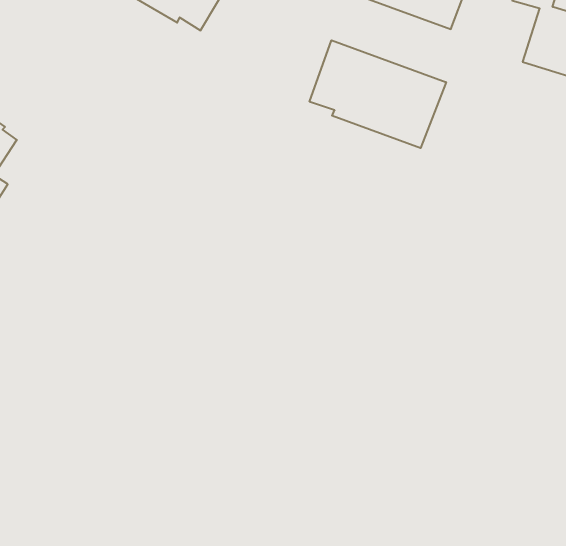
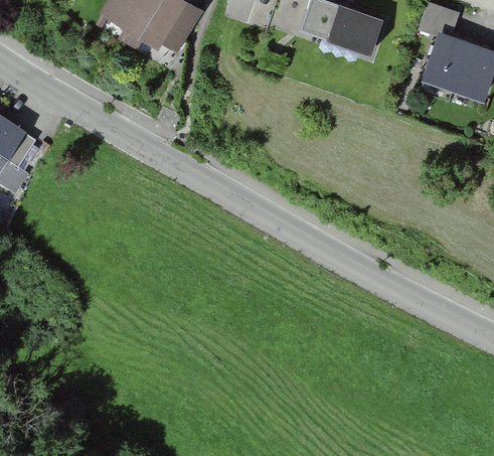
building: [310,40,446,148] -> none

